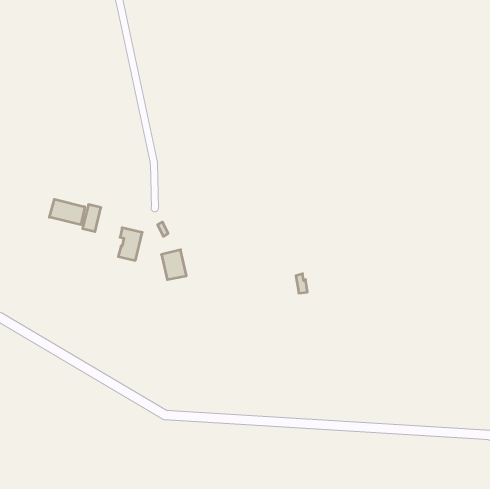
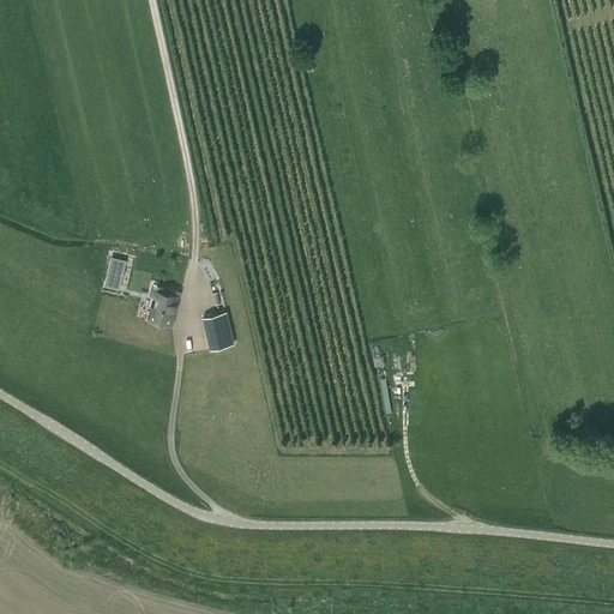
building: [49,199,85,225] -> none

